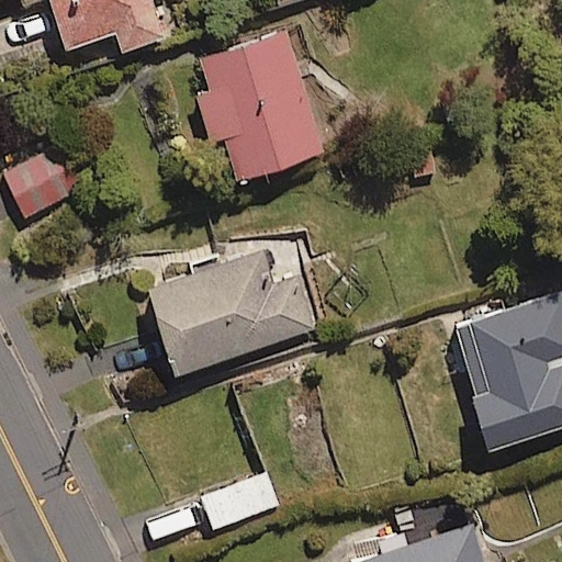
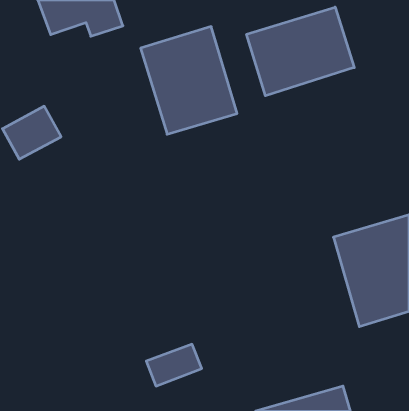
building: none -> [247,7,354,96]
building: [150,252,314,374] -> none

